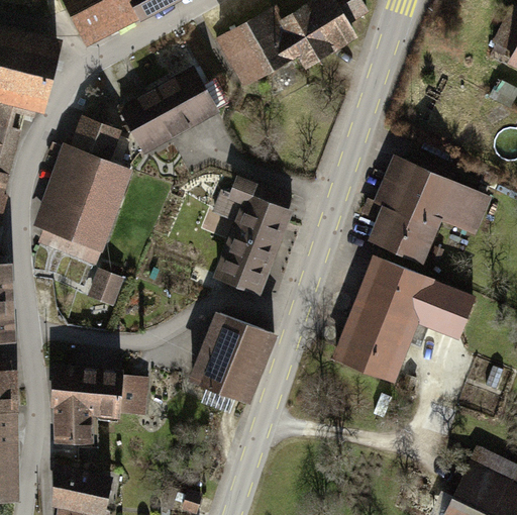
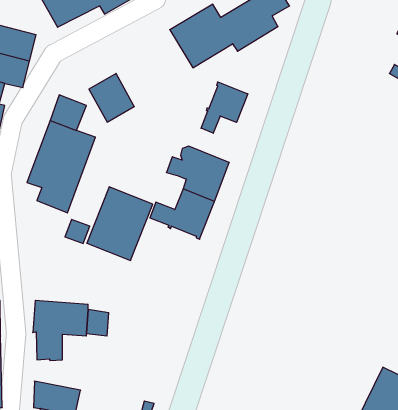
building: [153,71,216,133] -> none
building: none -> [201,82,248,133]
building: [364,164,486,263] -> none
building: [335,259,460,381] -> none
building: [192,314,273,404] -> [87,187,153,260]

